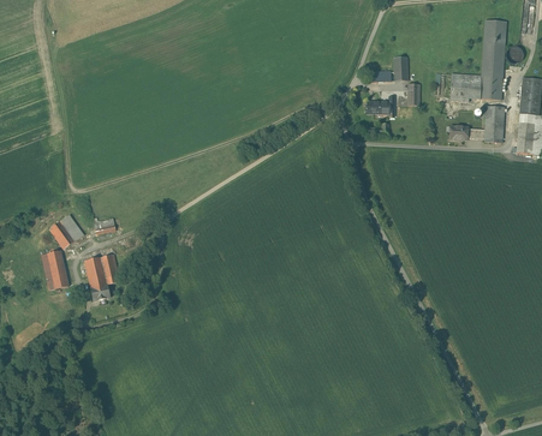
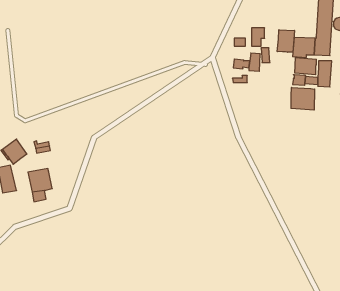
building: none -> [277,30,294,52]
building: none -> [295,58,316,75]
building: none -> [291,87,315,110]

